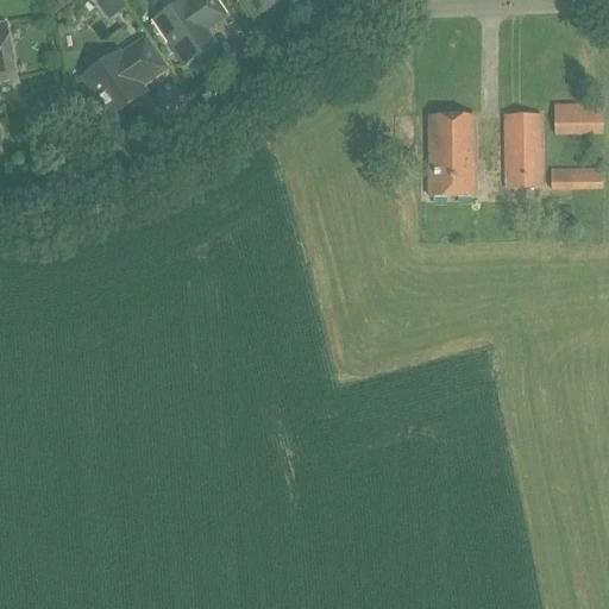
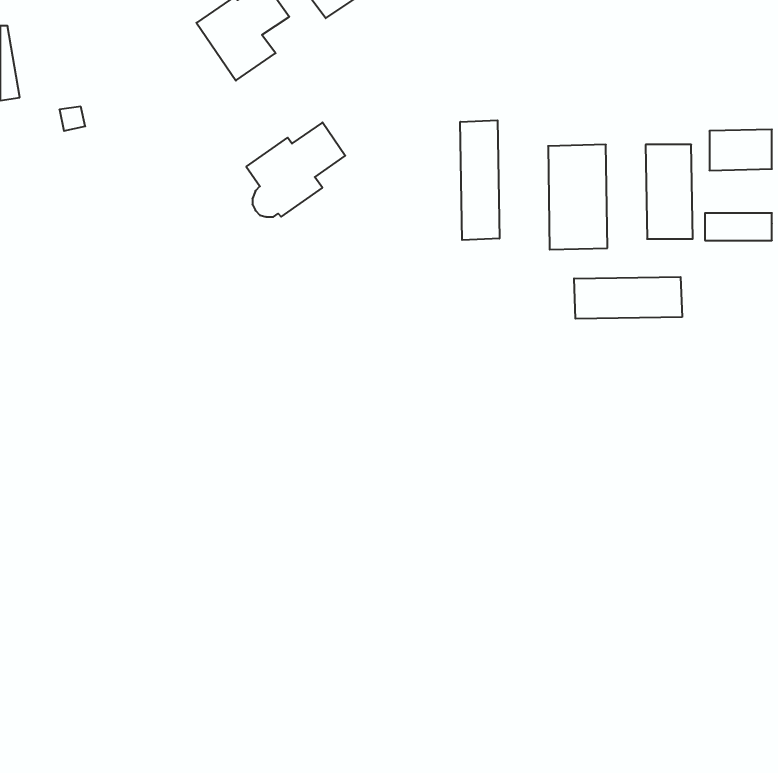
building: [84,39,162,113] -> [246,122,345,217]
building: none -> [460,120,499,240]
building: none -> [574,277,682,319]

